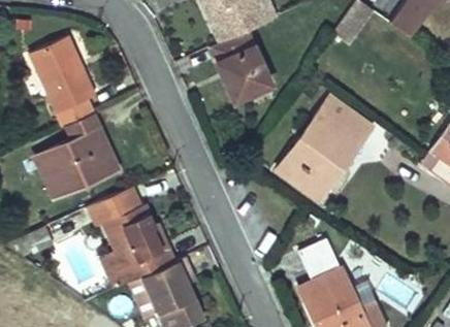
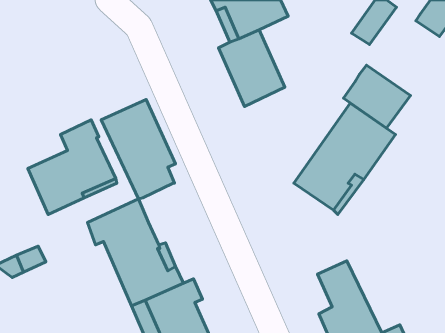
building: [27,36,95,127] -> [101,100,176,199]
building: none -> [344,65,410,128]

